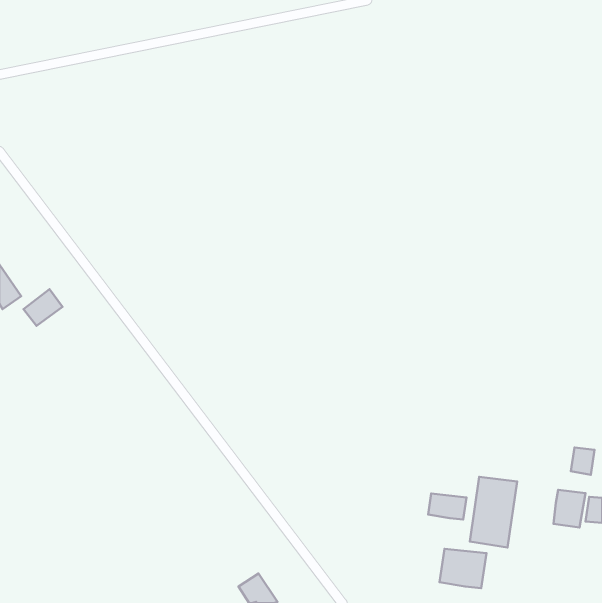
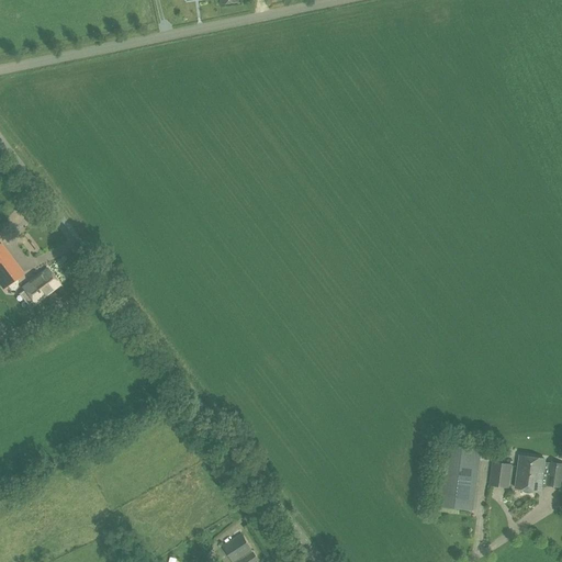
building: [571,448,595,475] -> [488,462,510,487]
building: [428,493,467,520] -> none
building: [440,549,486,588] -> none

